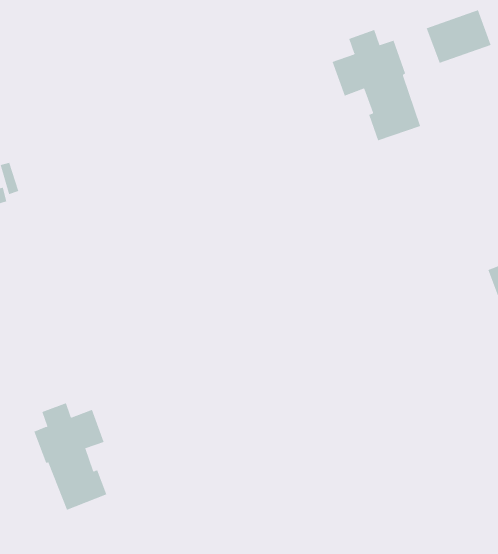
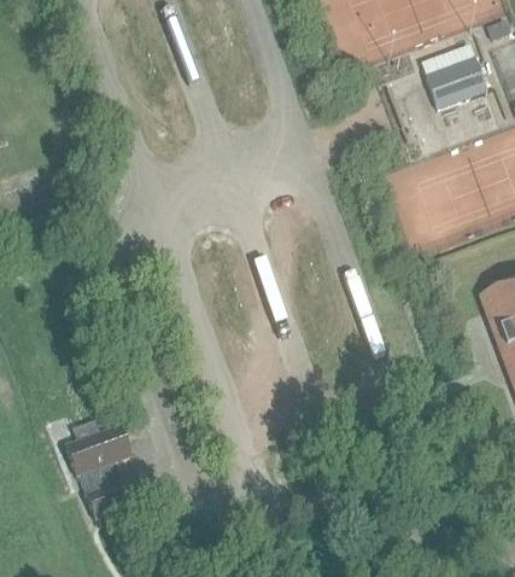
building: [332,29,421,141] -> none

